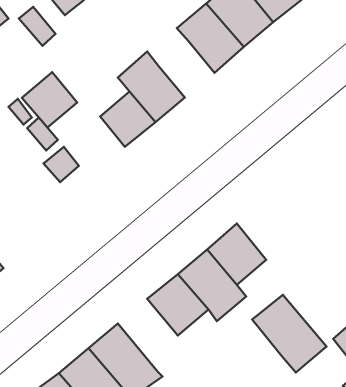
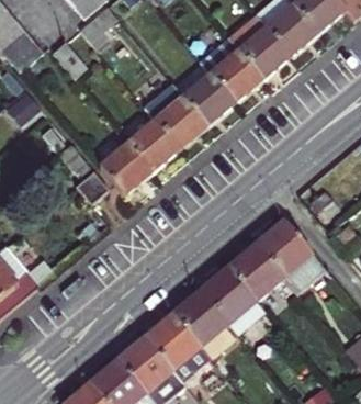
building: none -> [183,74,235,126]
building: [22,72,77,127] -> [100,144,151,195]
building: [252,295,327,373] -> [256,221,325,293]
building: none -> [145,314,211,382]

